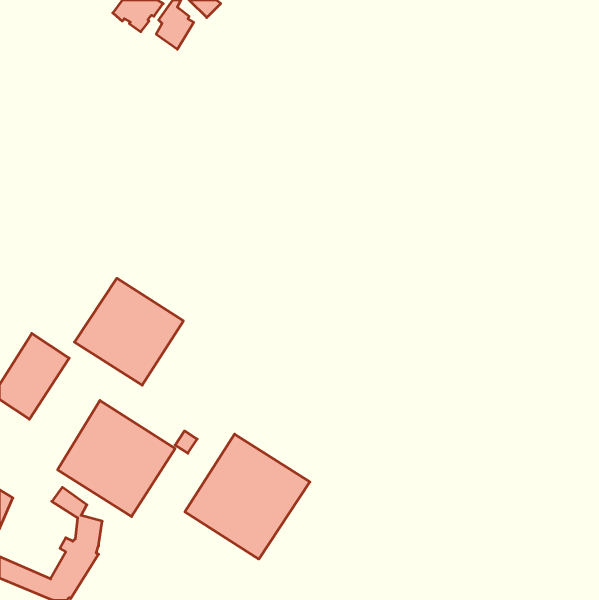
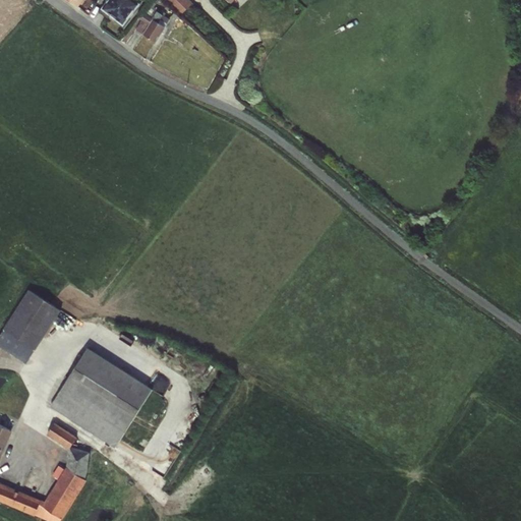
building: [74,278,183,385] -> none
building: [185,434,310,559] -> none

